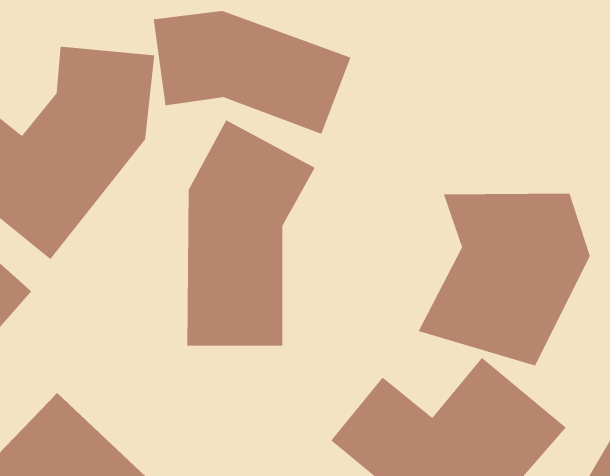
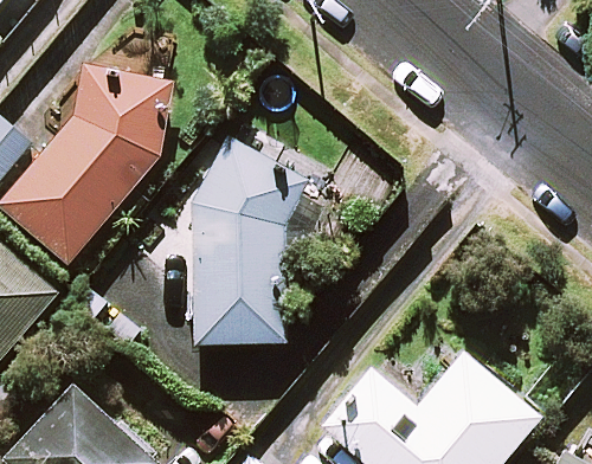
building: [153,10,351,135] -> none
building: [418,193,591,367] -> none

